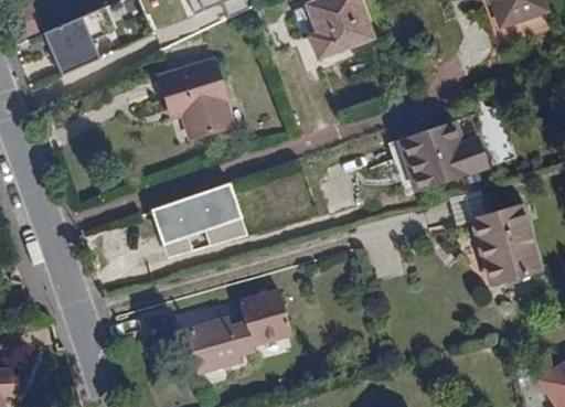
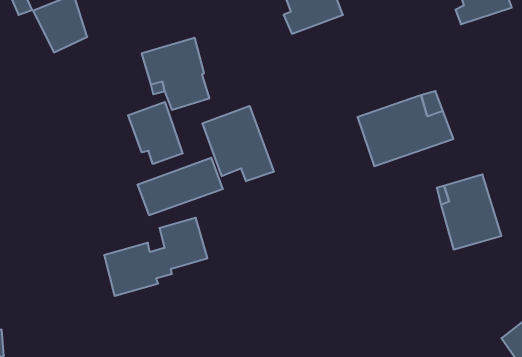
building: none -> [128,102,183,164]
building: none -> [202,106,274,181]
building: [181,290,290,373] -> [104,218,207,296]

